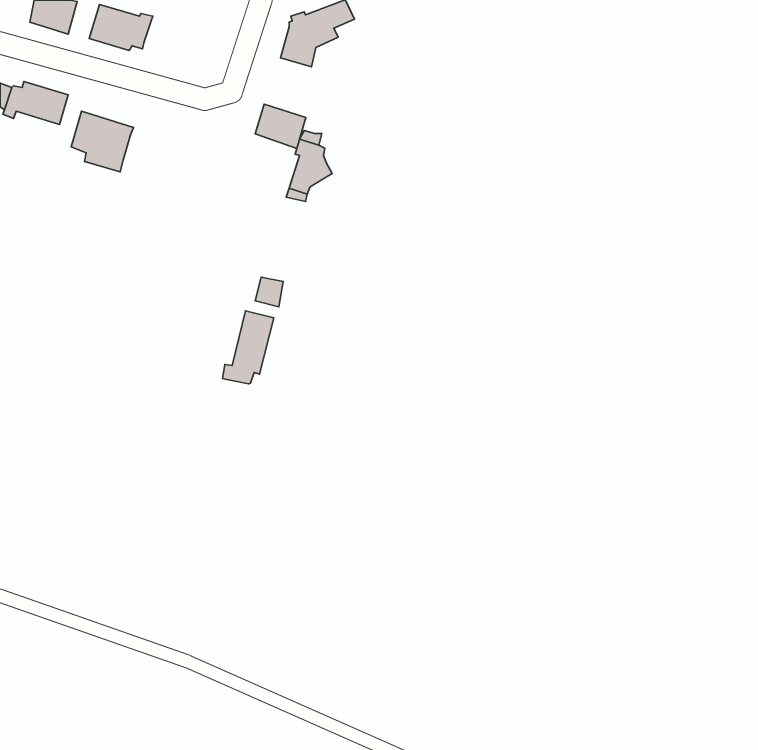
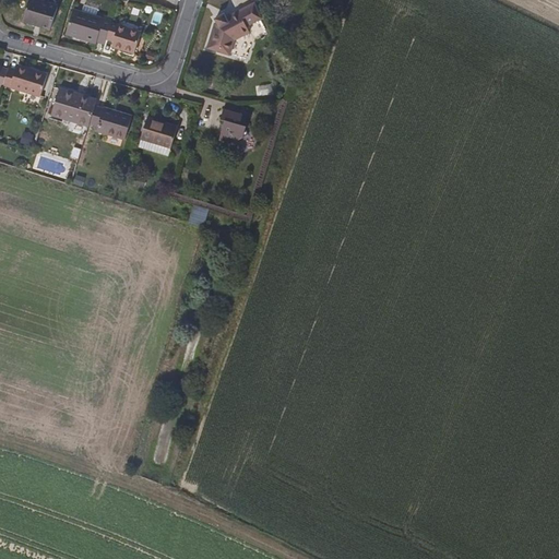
building: none -> [106,21,142,53]
building: [255,104,306,149] -> [141,117,178,150]
building: none -> [91,105,134,140]
building: [223,311,274,384] -> none

